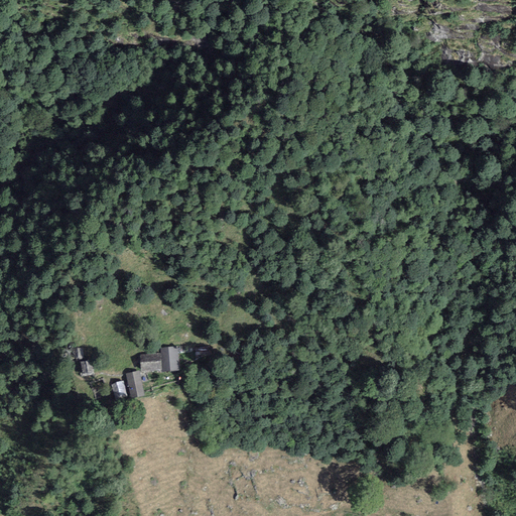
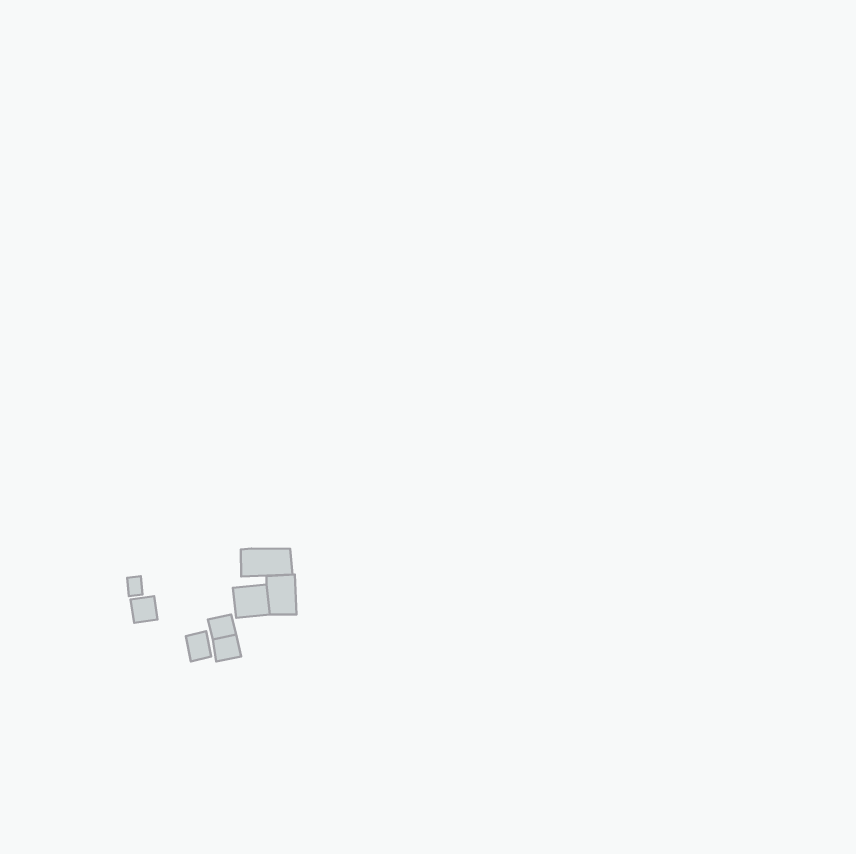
building: none -> [241,549,293,577]

